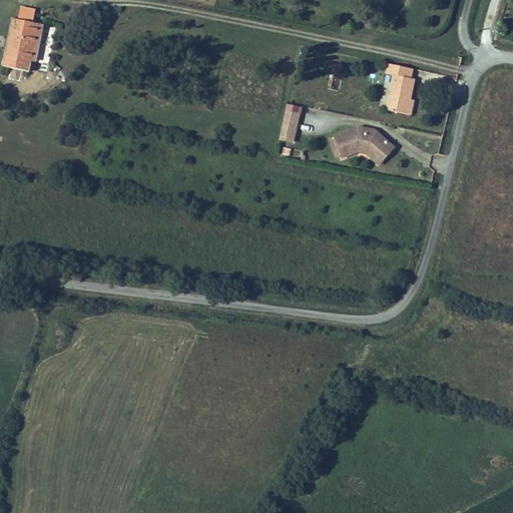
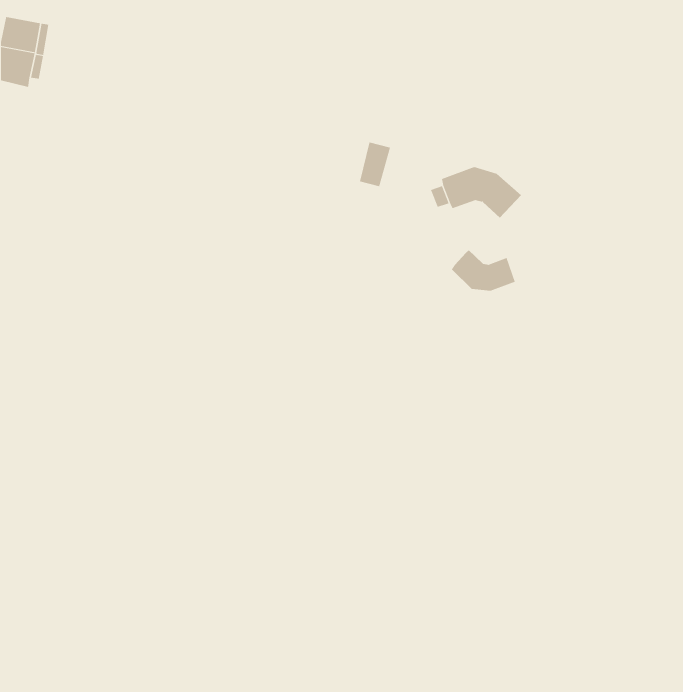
building: [387,61,415,111] -> none
building: none -> [451,249,516,291]

